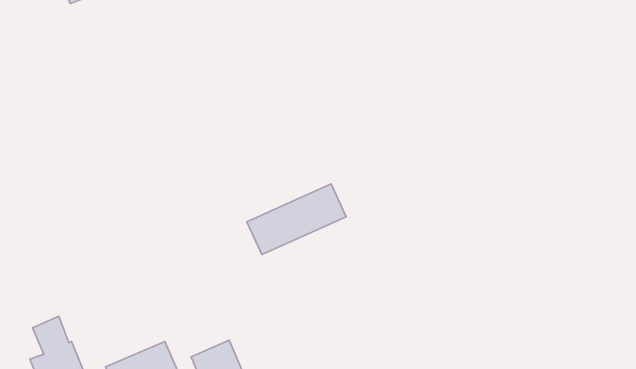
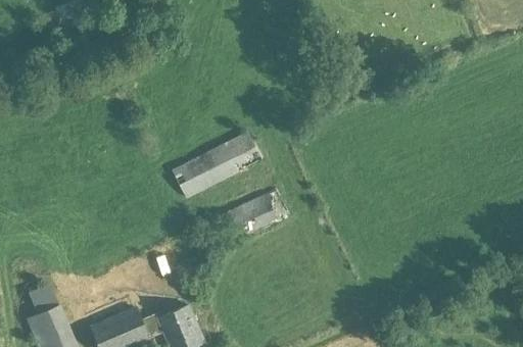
building: none -> [173,133,262,199]

